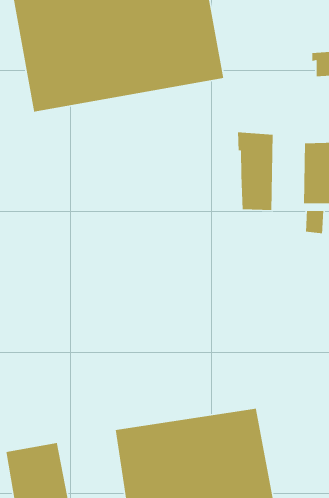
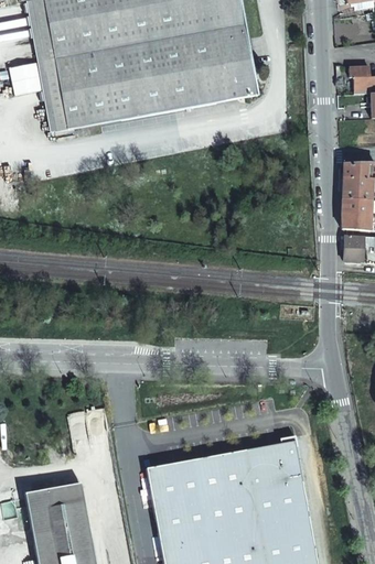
building: [237,132,274,211] -> none

